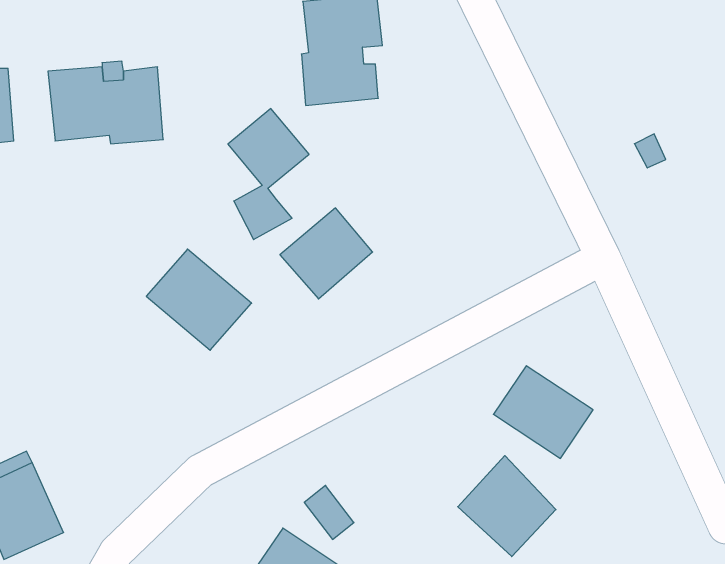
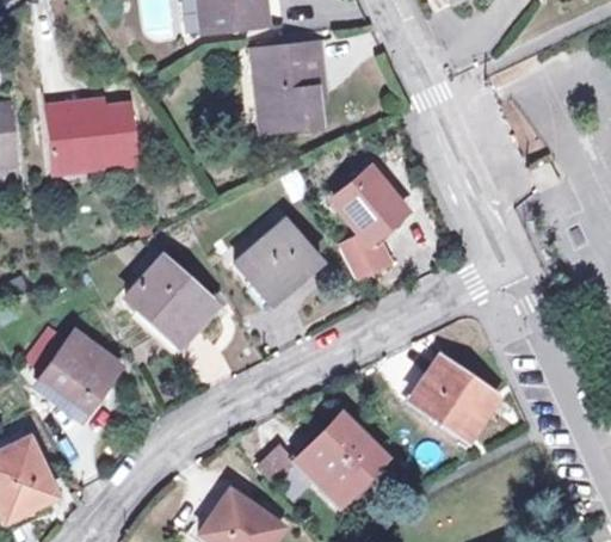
building: [228,109,309,240] -> [333,167,401,277]
building: none -> [38,333,119,414]
building: [458,456,556,557] -> [301,408,383,493]

